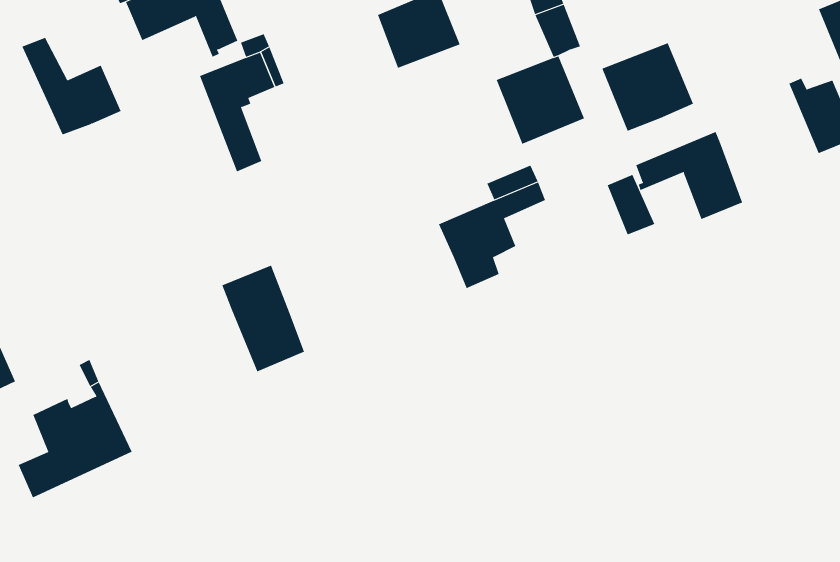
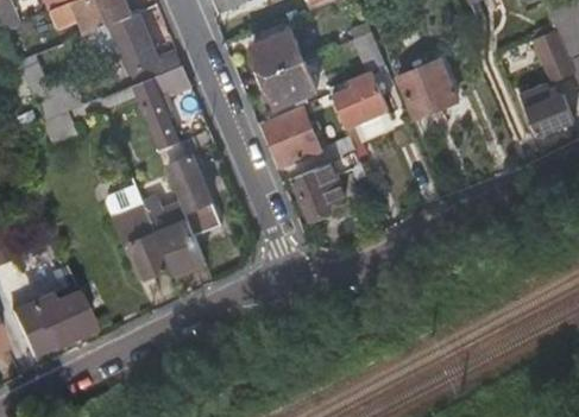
building: none -> [263,64,314,108]
building: none -> [262,106,317,168]
building: [636,131,743,220] -> none
building: none -> [159,129,221,236]
building: none -> [113,204,166,278]

